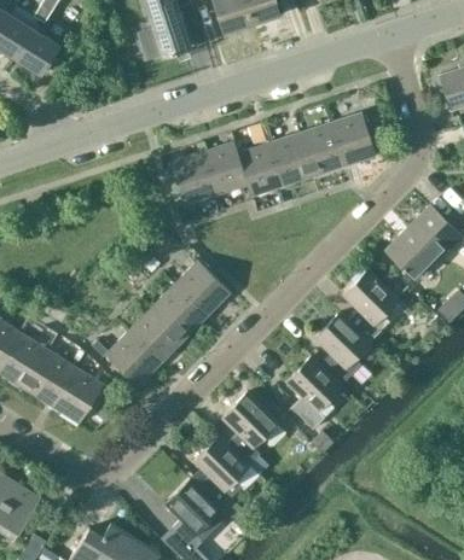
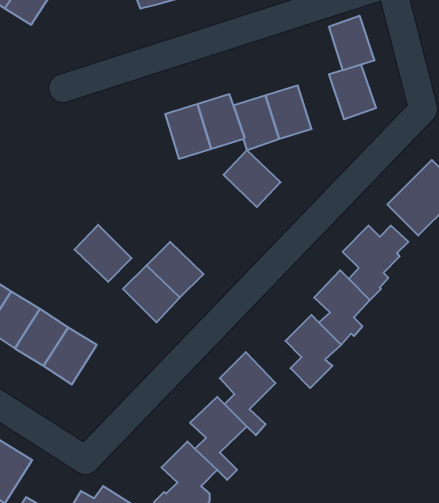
building: [300,122,344,175] -> [329,16,375,70]
building: [175,261,231,316] -> [223,150,281,207]
building: [106,331,162,386] -> [74,225,132,282]

